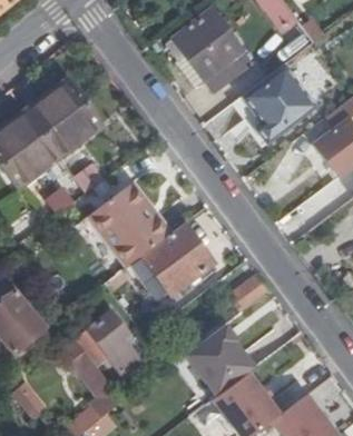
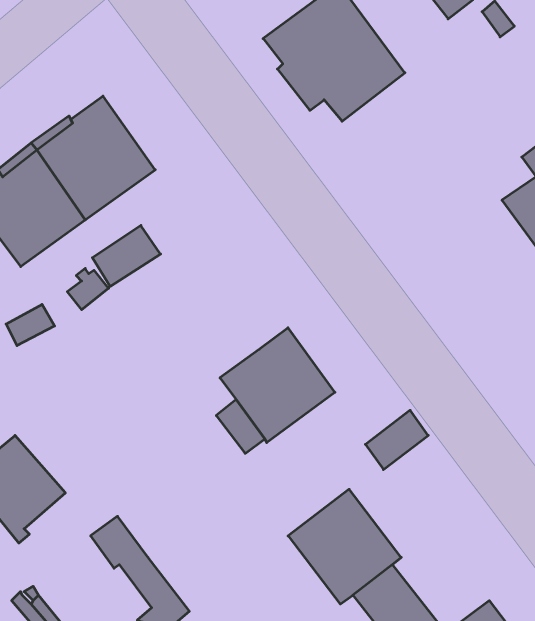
building: [236,65,318,142] -> none
building: [78,187,166,275] -> none
building: [76,311,140,377] -> none

